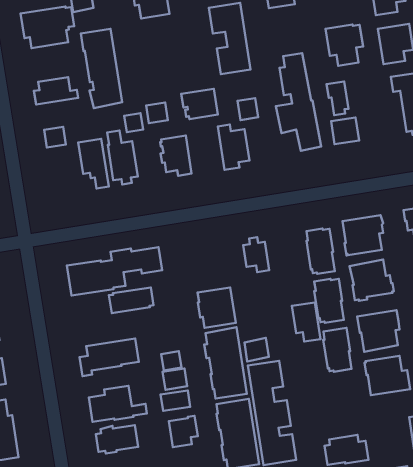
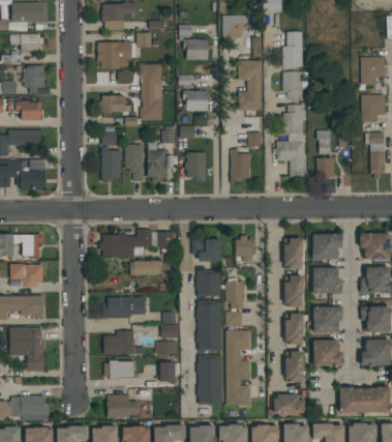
building: [325,24,363,66] -> [282,71,308,100]
building: [181,89,218,119] -> [183,91,208,111]
building: none -> [101,147,122,181]
building: none -> [192,239,220,262]
building: [292,302,321,342] -> [225,282,243,310]
building: none -> [284,352,304,383]

